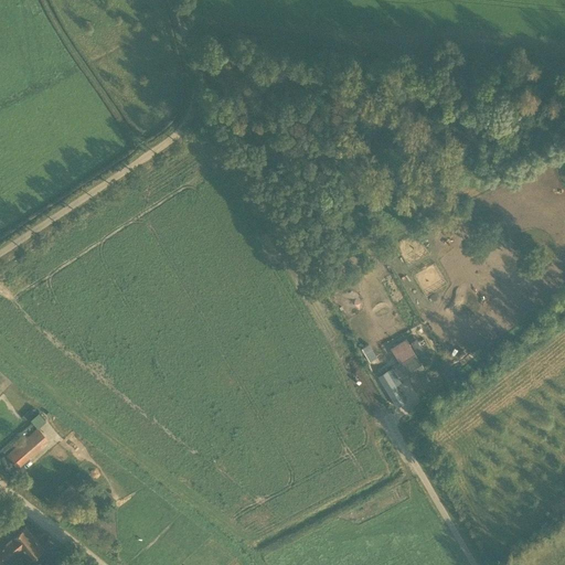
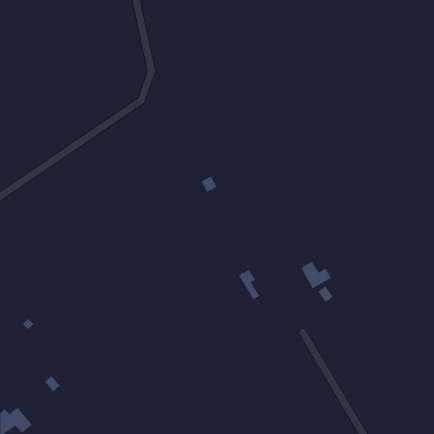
building: [376,369,405,409] -> [238,268,260,300]
building: [6,434,46,470] -> none

